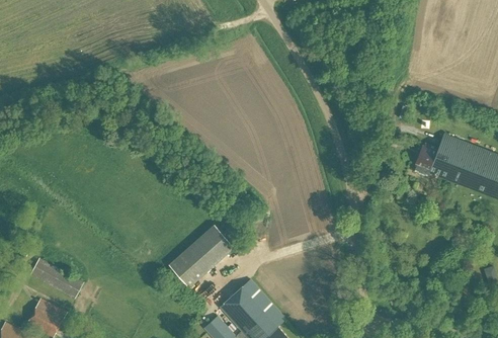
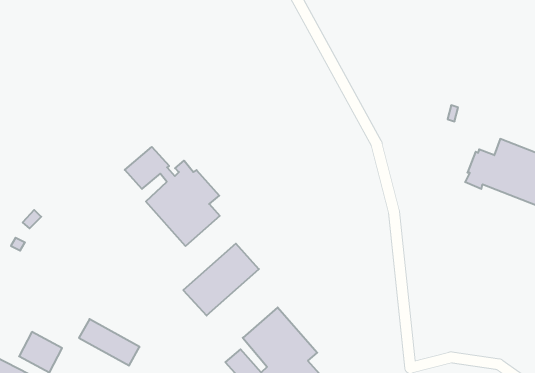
building: none -> [125,147,220,246]
building: [29,257,82,298] -> [79,319,140,366]

